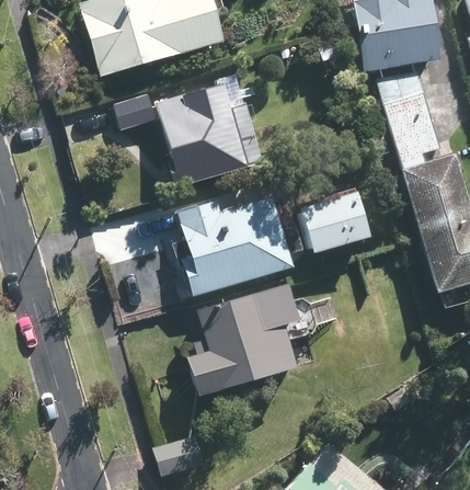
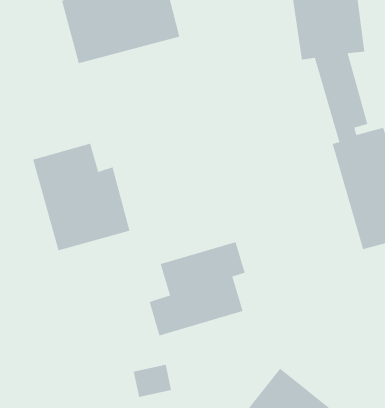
building: [80,66,265,187] -> none
building: none -> [33,143,130,251]
building: [175,192,368,297] -> none

